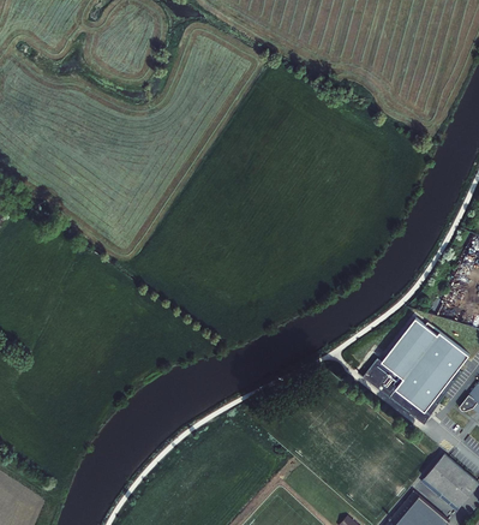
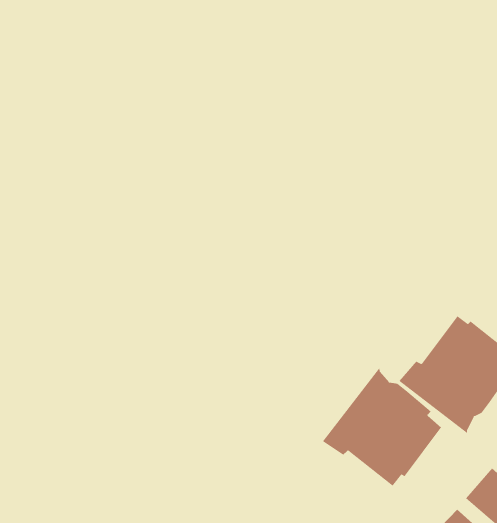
building: none -> [322,367,442,486]

